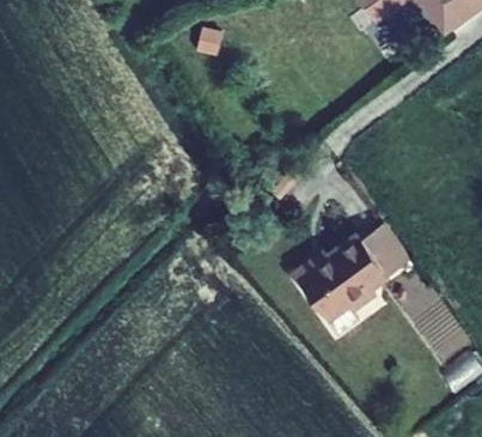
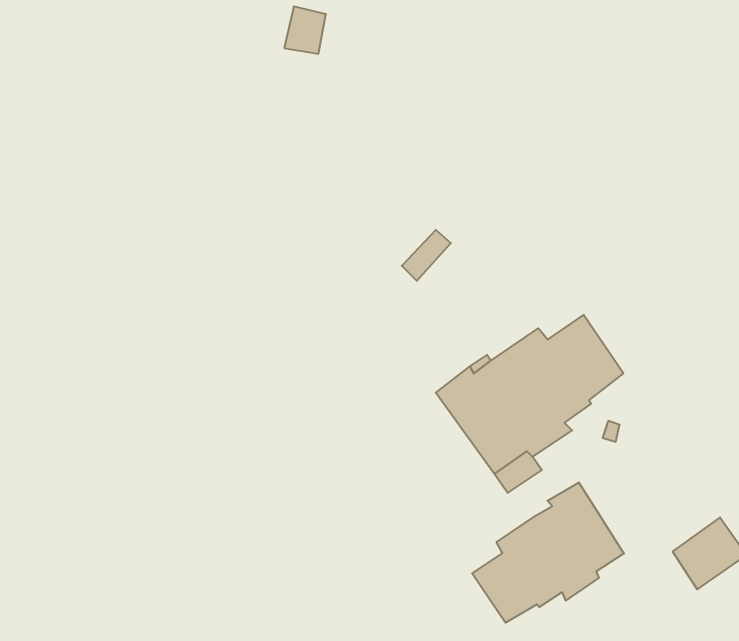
building: none -> [472,482,624,623]

